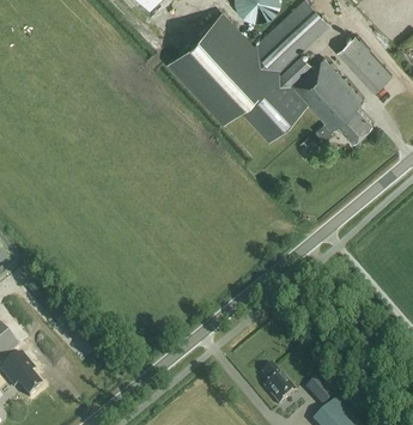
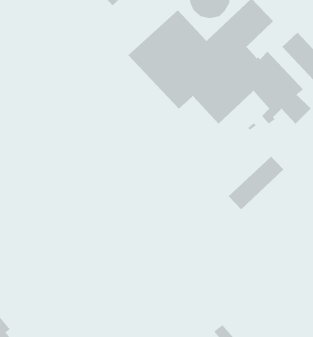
building: none -> [228,156,284,210]

